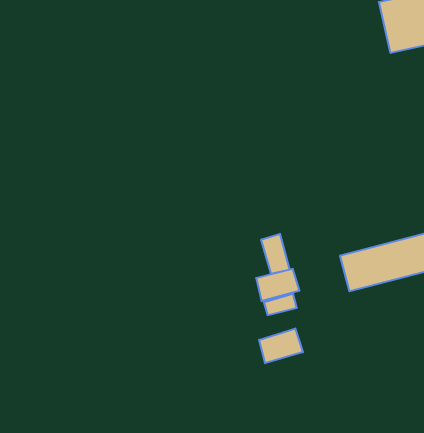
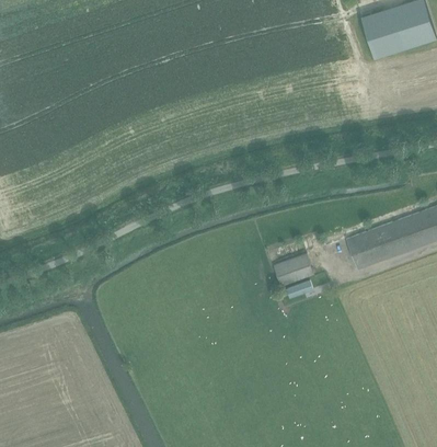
building: [261,234,290,274] -> none
building: [259,328,303,363] -> none

